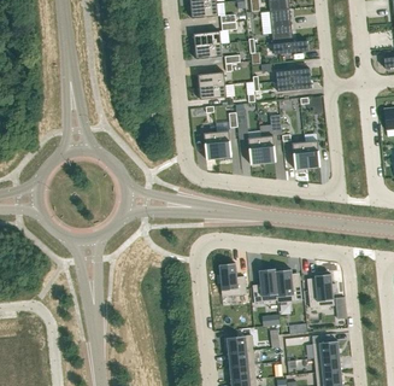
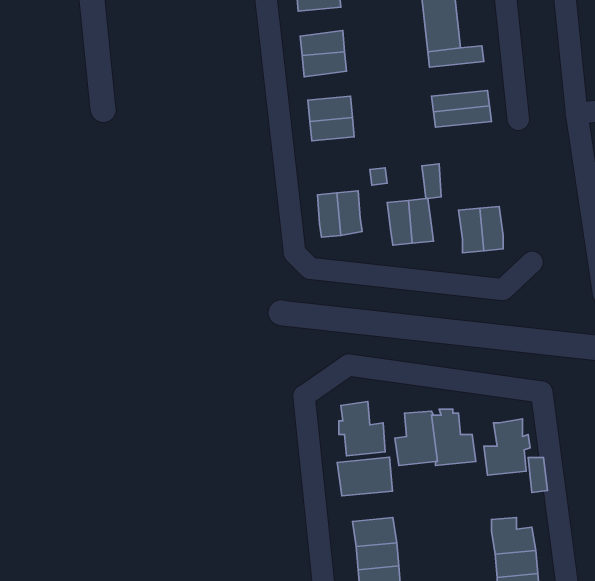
building: none -> [337,457,392,496]

